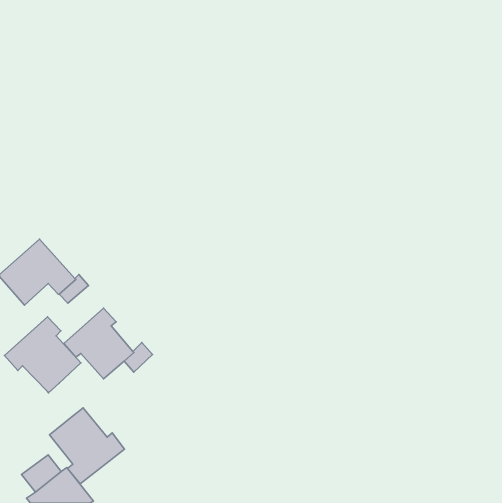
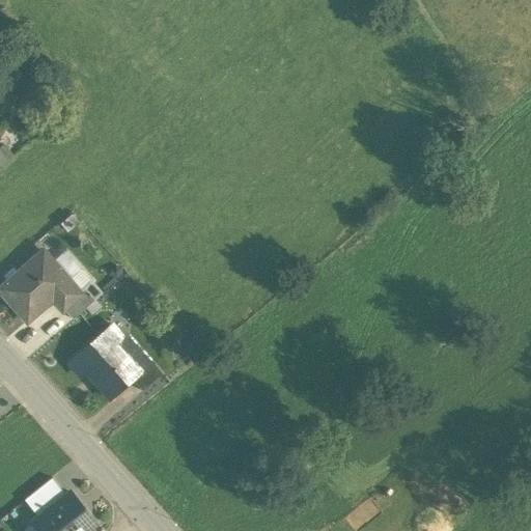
building: [5,317,81,393] -> none
building: [50,408,125,484] -> none

